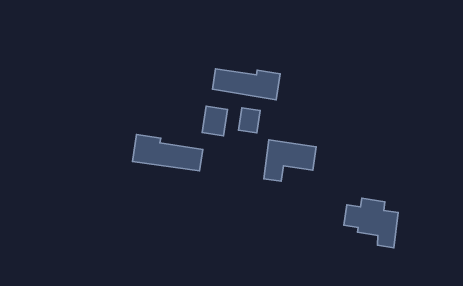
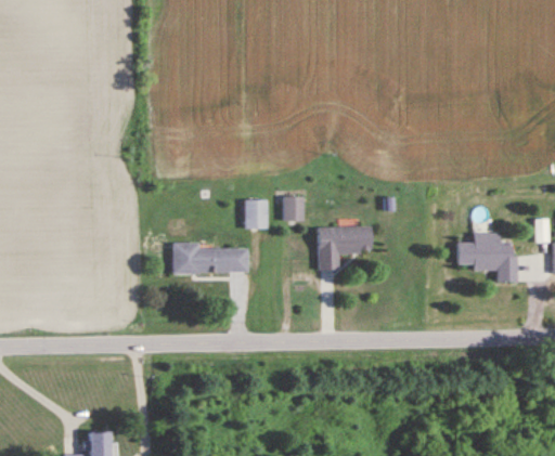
building: [212,69,280,100] -> none
building: [344,198,398,248] -> [457,232,516,281]

